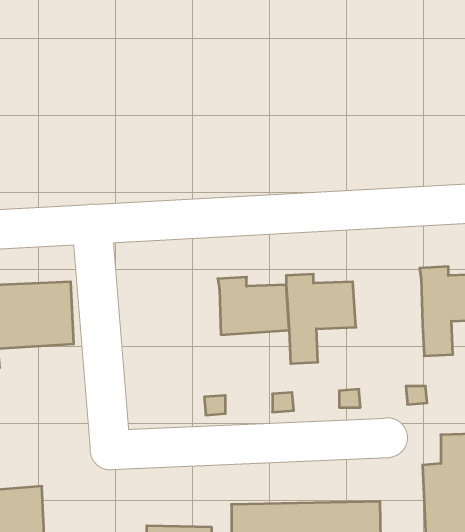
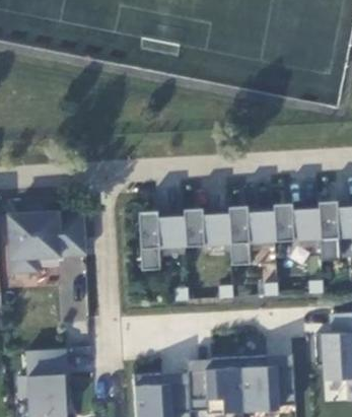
building: none -> [273,203,320,241]
building: none -> [138,211,185,270]

